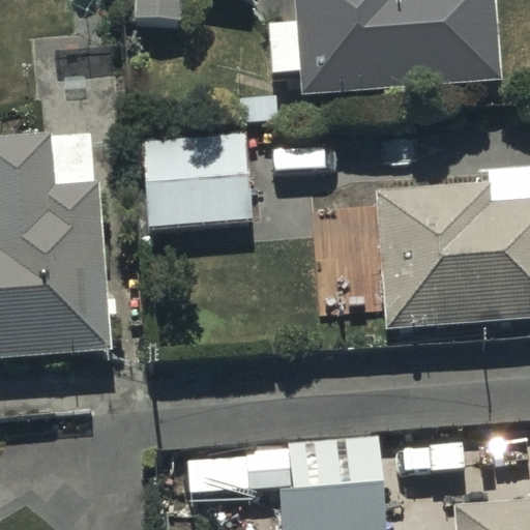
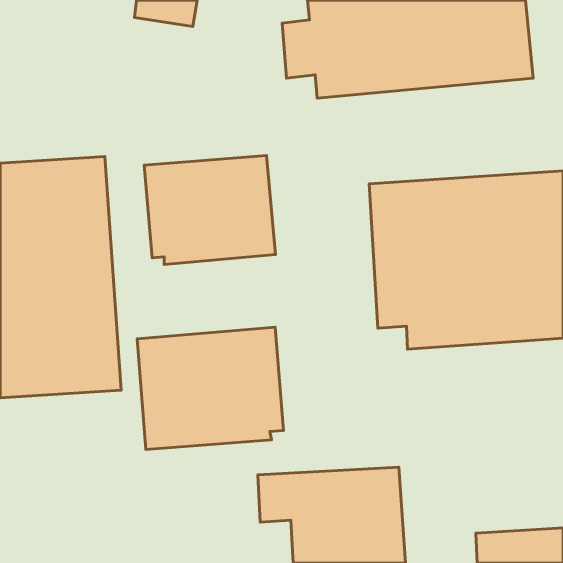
building: none -> [137,327,284,450]

